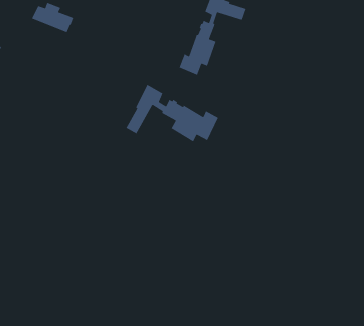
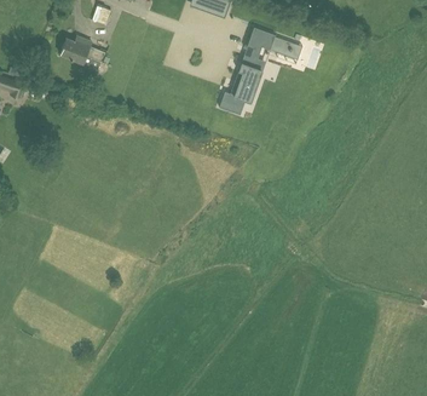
building: [126,84,219,142] -> none

